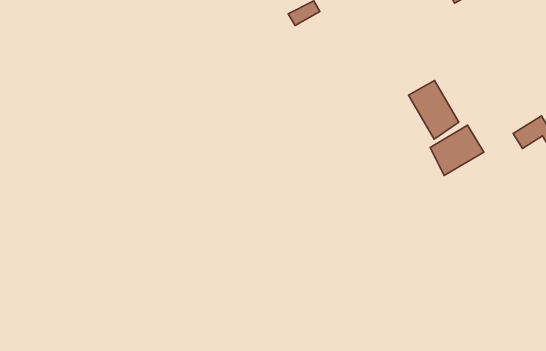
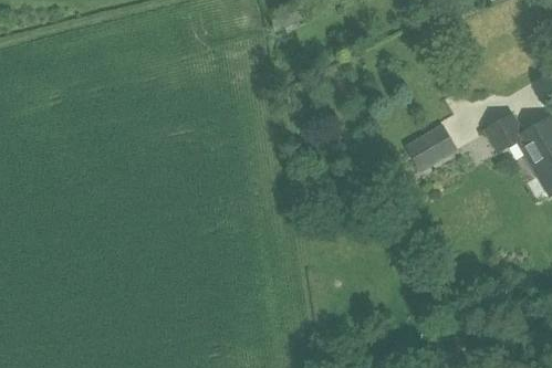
building: [408,81,459,139] -> none

